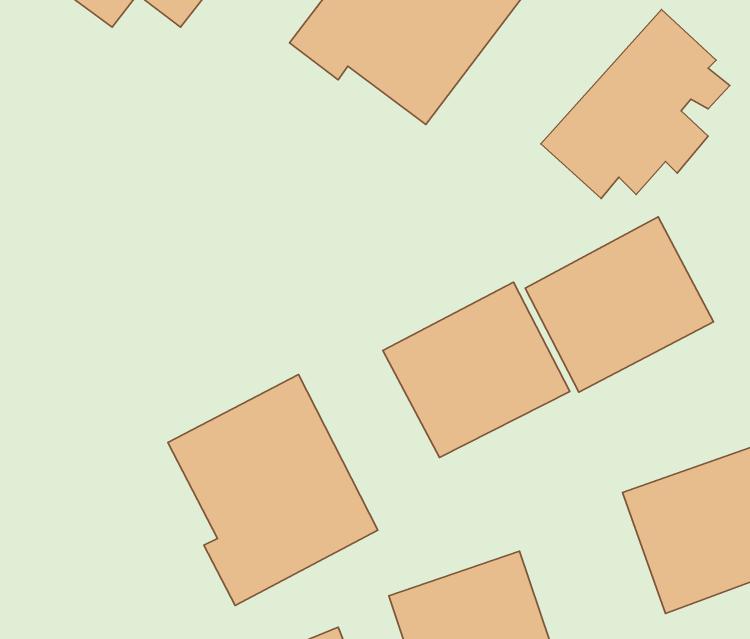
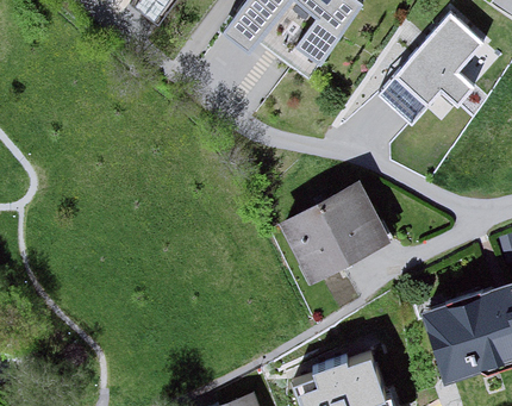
building: [525,217,713,392] -> none
building: [168,374,378,605] -> none

